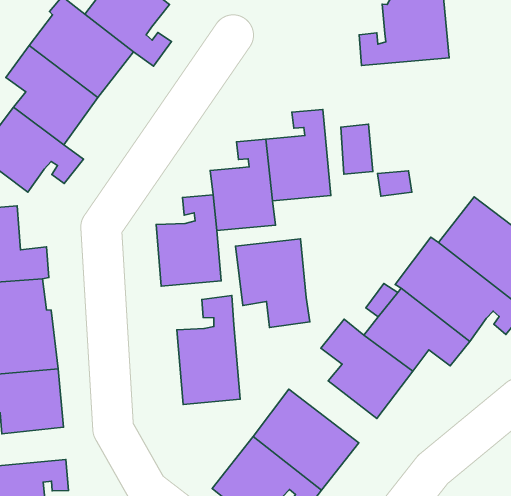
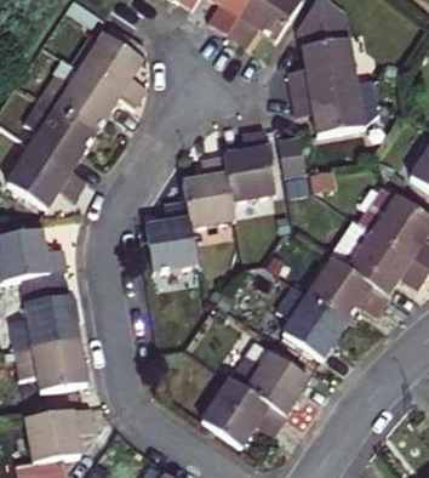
building: none -> [291,84,364,136]
building: [236,239,310,327] -> none
building: [177,296,240,404] -> none

